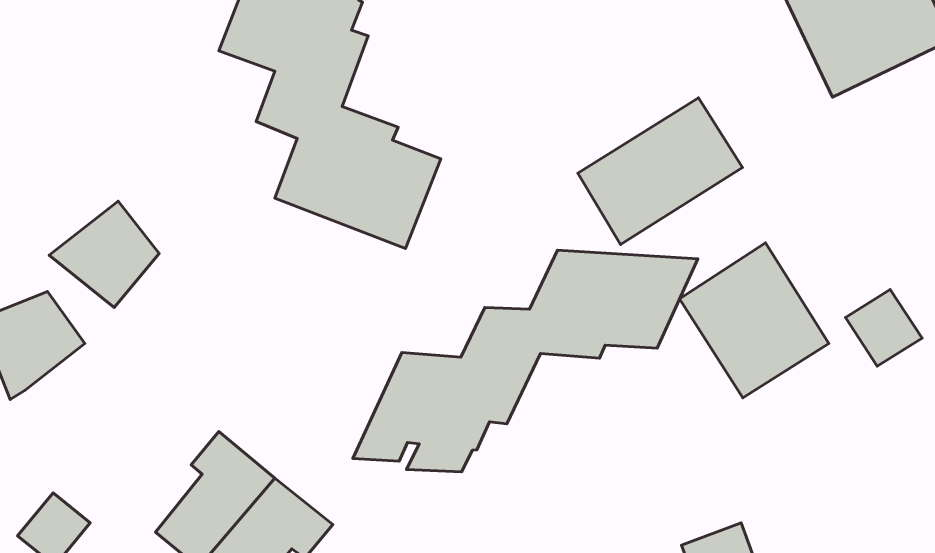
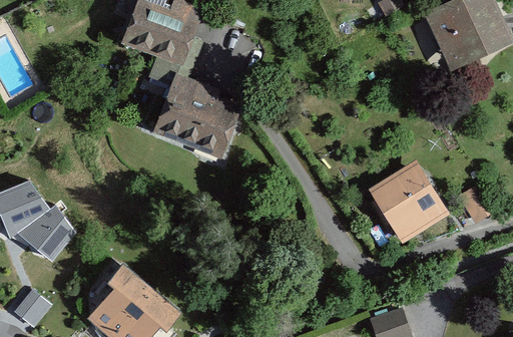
building: [578,98,743,245] -> none
building: [49,201,159,307] -> [16,207,75,264]
building: [353,250,698,472] -> none

